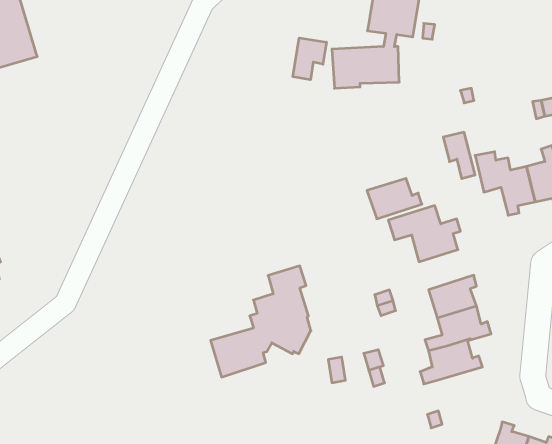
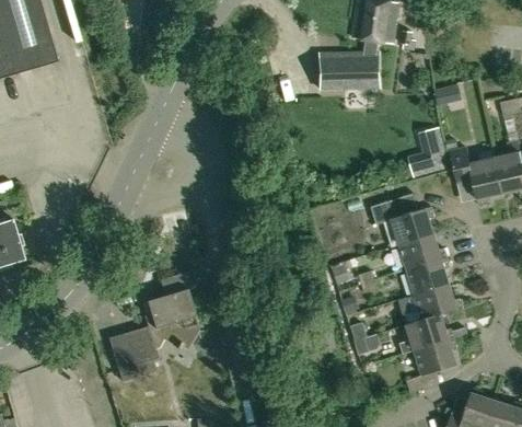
building: [293,38,326,80] -> none
building: [367,178,422,219] -> [397,234,446,270]
building: [211,266,311,377] -> [107,272,197,371]
building: none -> [414,339,456,377]

